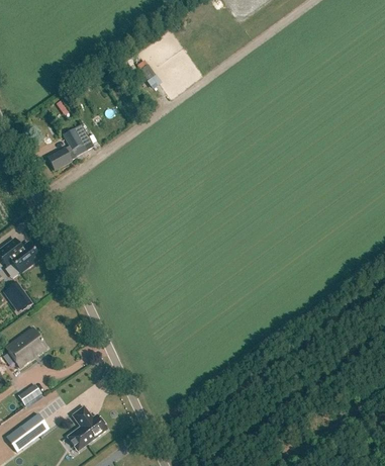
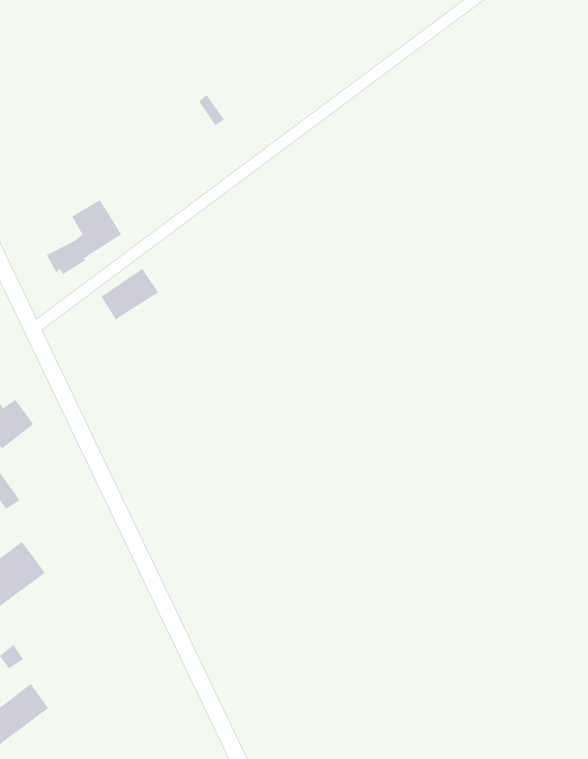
building: none -> [100,268,159,321]
building: [62,405,107,451] -> none

